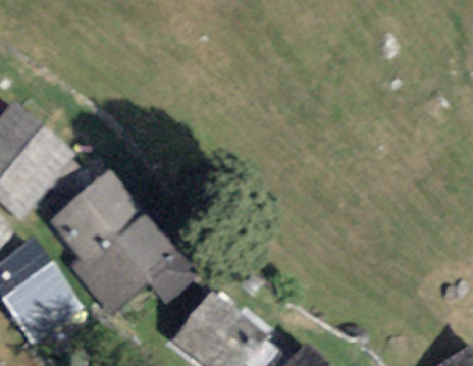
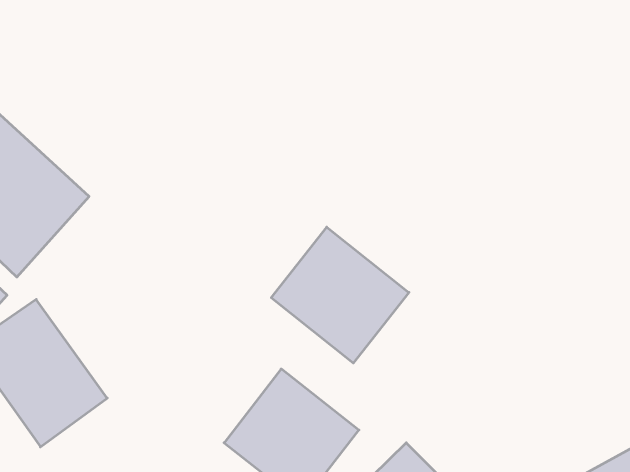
building: [46,176,173,310] -> none
building: none -> [271,227,409,363]

